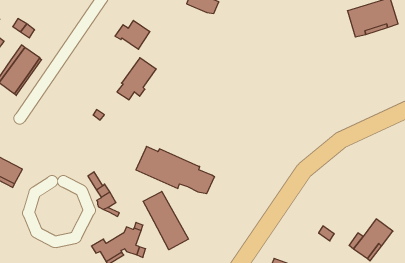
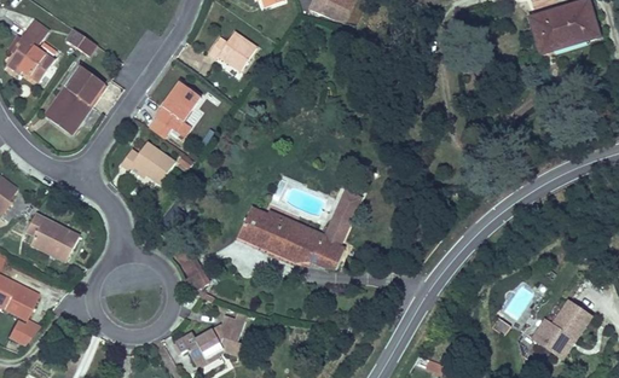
building: [117,58,156,100] -> [147,80,202,138]
building: none -> [121,141,175,182]
building: none -> [324,187,363,244]
building: [143,191,188,250] -> none

